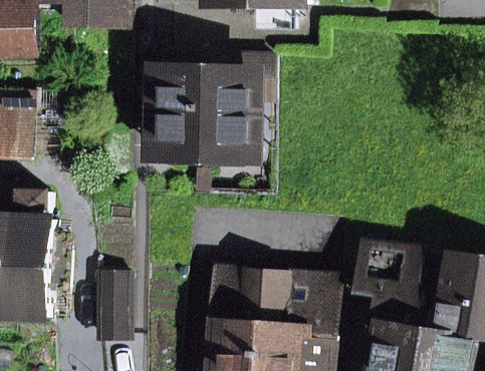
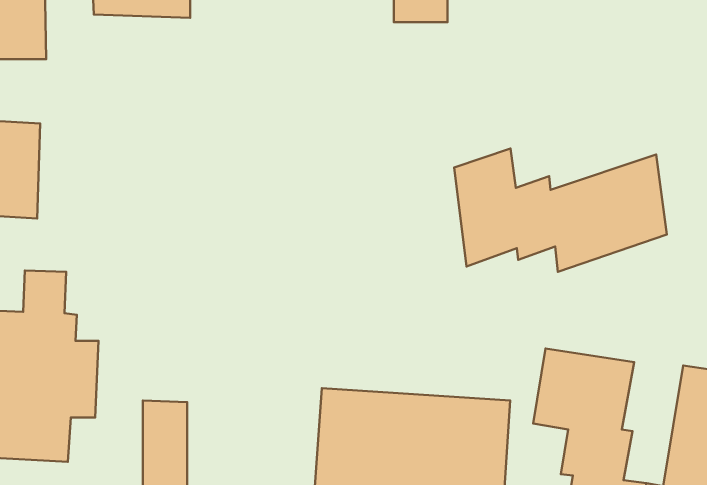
building: [152,54,272,156] -> none
building: none -> [454,149,667,272]

